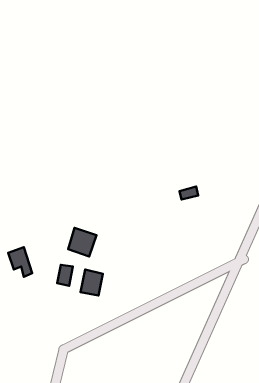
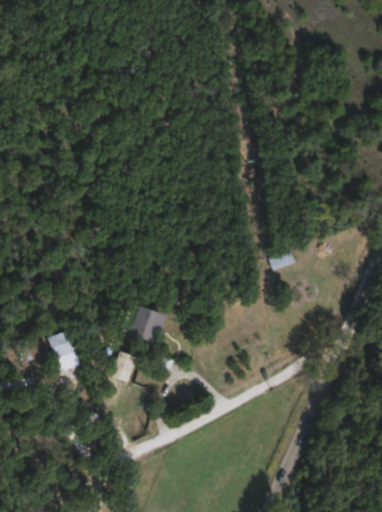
building: [81,270,103,296] -> none

